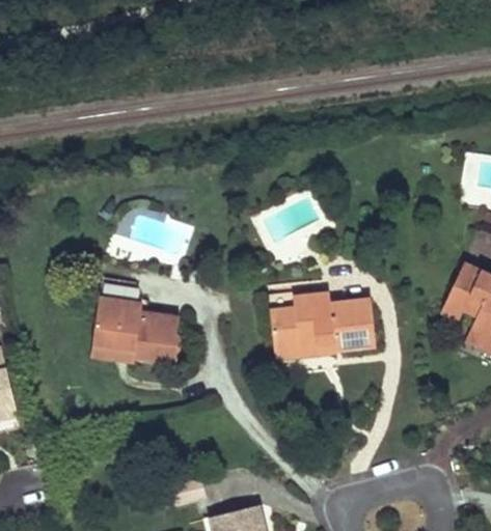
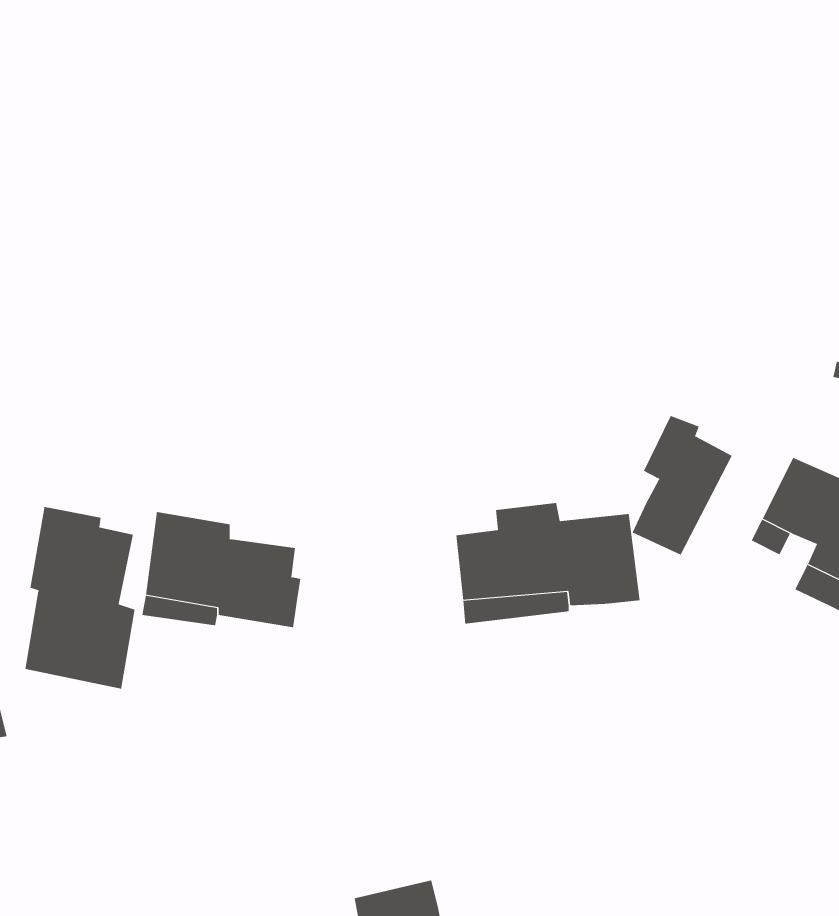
building: none -> [632,415,733,555]
building: none -> [25,506,135,690]

